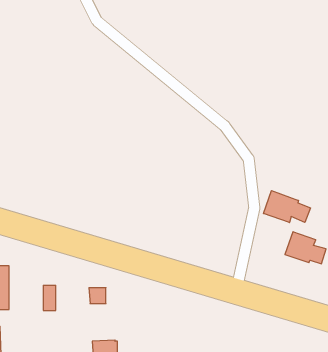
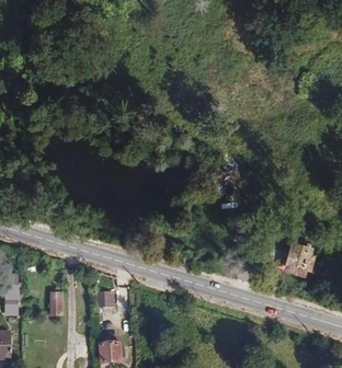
building: [264,191,311,223] -> none

